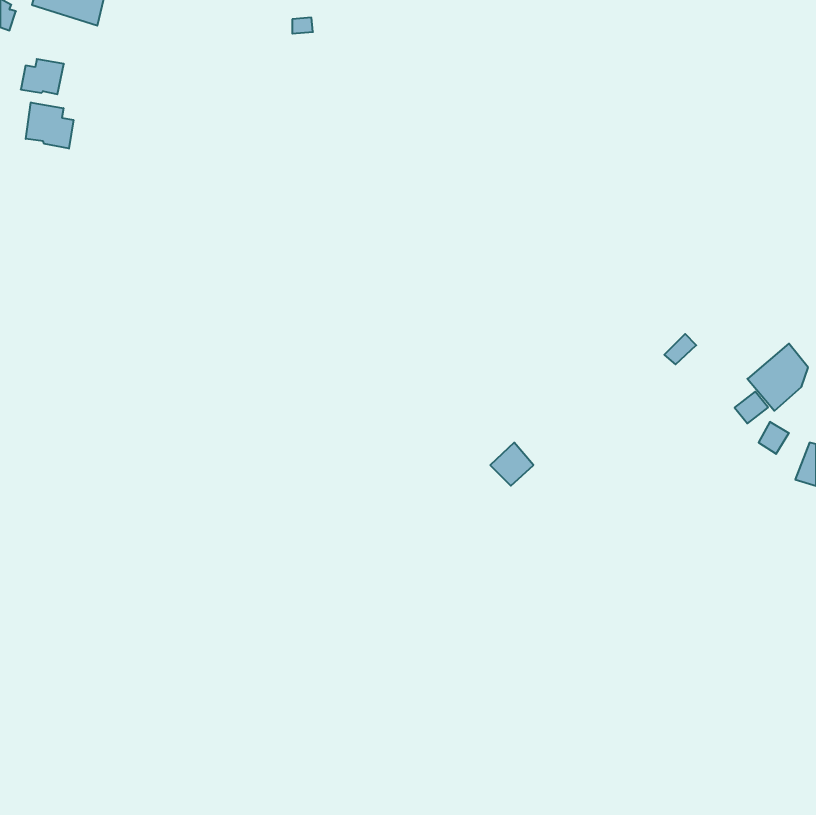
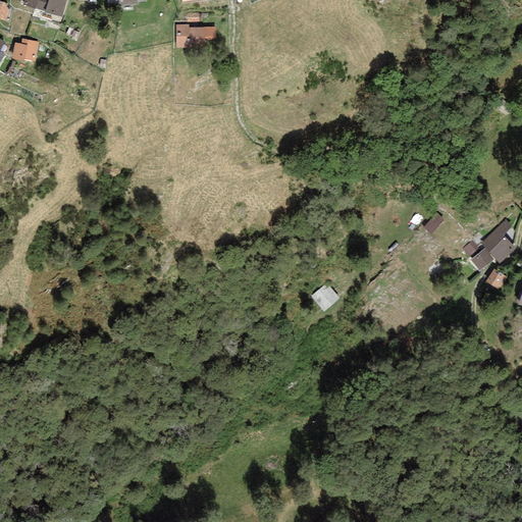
building: none -> [176,23,216,46]
building: [26,102,73,149] -> none

